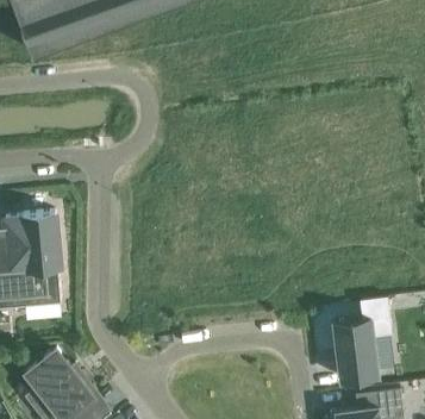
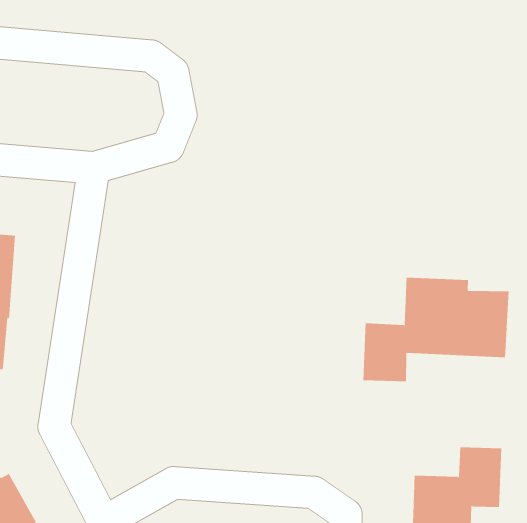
building: none -> [363,277,509,382]

